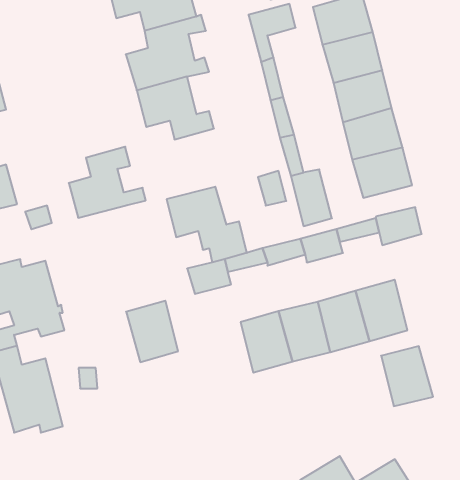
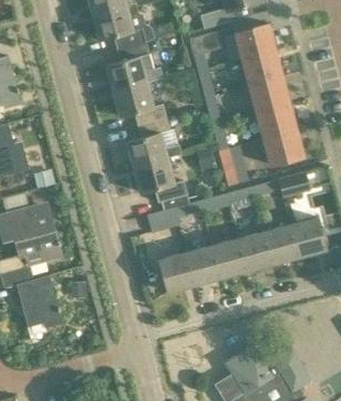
building: [69,147,146,218] -> [127,117,180,166]
building: [126,301,178,362] -> [157,251,193,294]
building: [381,346,433,406] -> [292,215,328,257]

